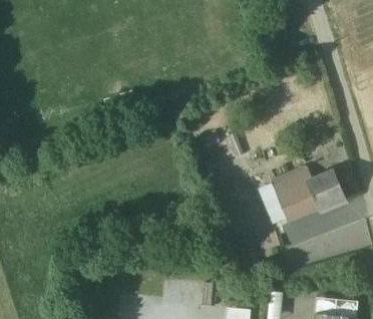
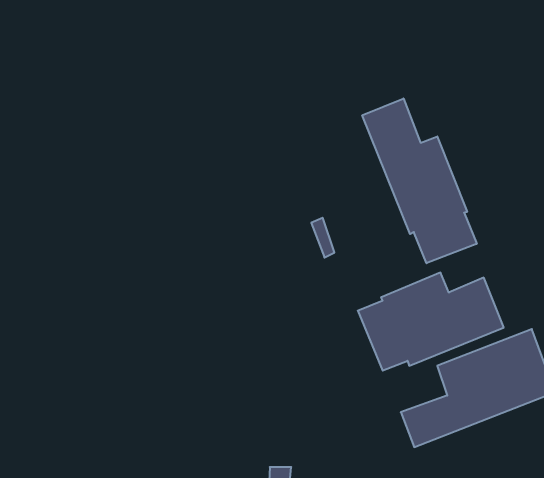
building: none -> [362,98,477,263]

